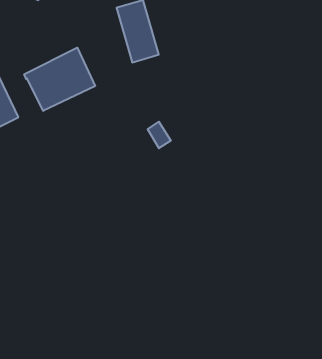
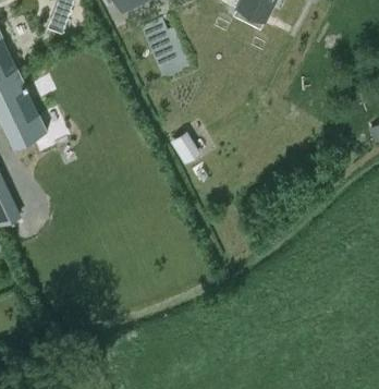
building: [24,48,95,111] -> none

